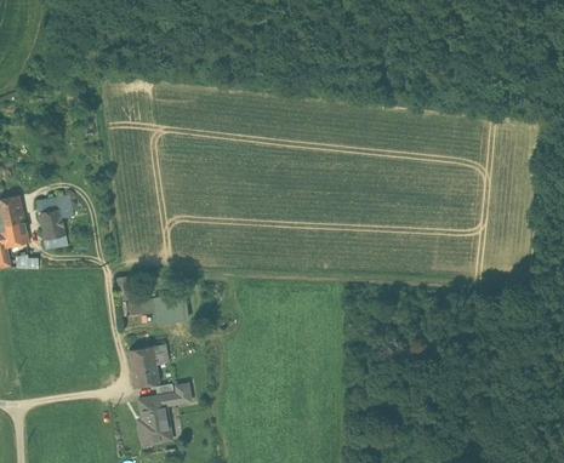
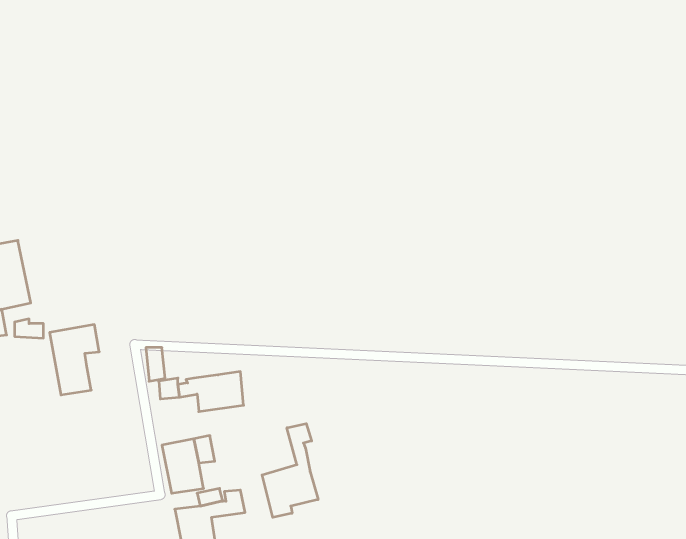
building: [36,195,74,248] -> [50,325,99,395]
building: none -> [262,424,318,517]

